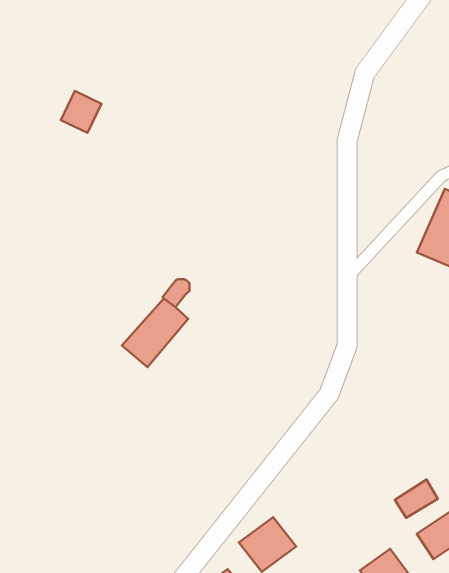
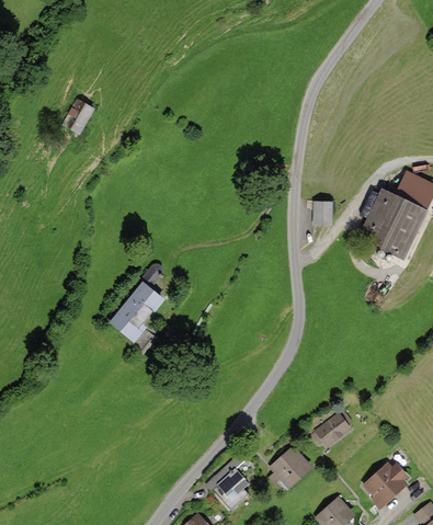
building: none -> [314,198,331,227]
building: [395,480,438,518] -> [314,413,351,446]
building: none -> [269,445,312,488]

